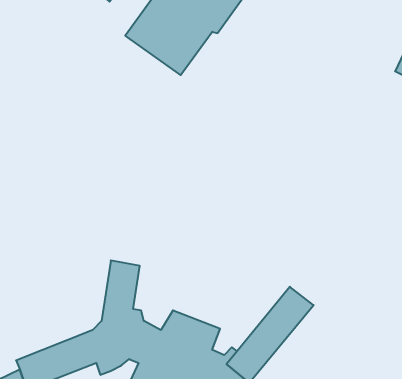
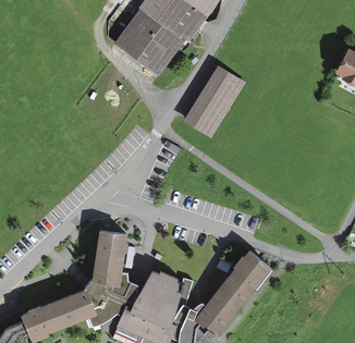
building: none -> [183,65,246,139]

